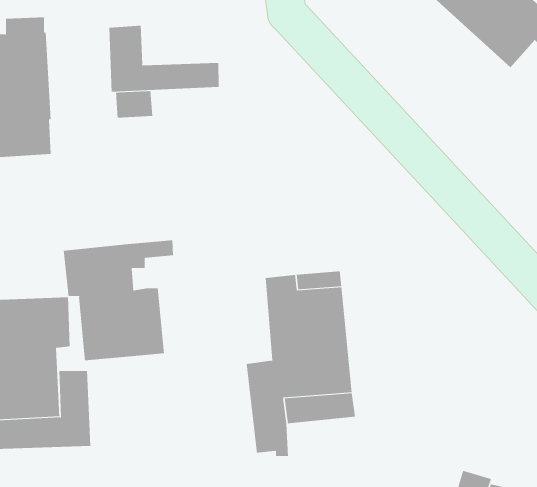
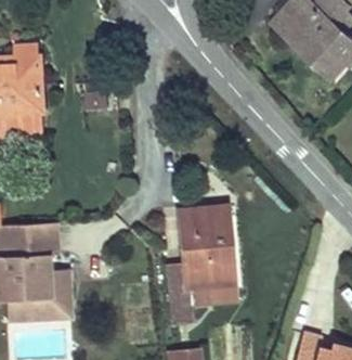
building: [109,25,219,92] -> none
building: [63,240,174,361] -> none

